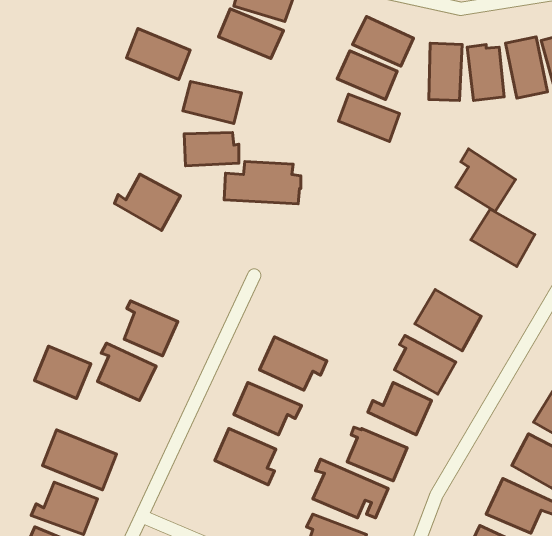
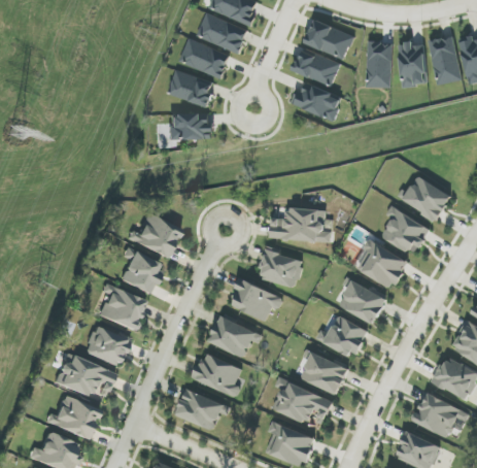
building: [126,28,190,80] -> [178,38,230,79]
building: [456,149,516,211] -> [381,205,430,256]
building: [224,162,301,204] -> [270,208,332,242]
building: [114,174,181,230] -> [127,213,180,259]
building: none -> [259,250,303,288]
building: [35,346,91,398] -> [83,325,129,367]
building: none -> [175,390,231,430]

